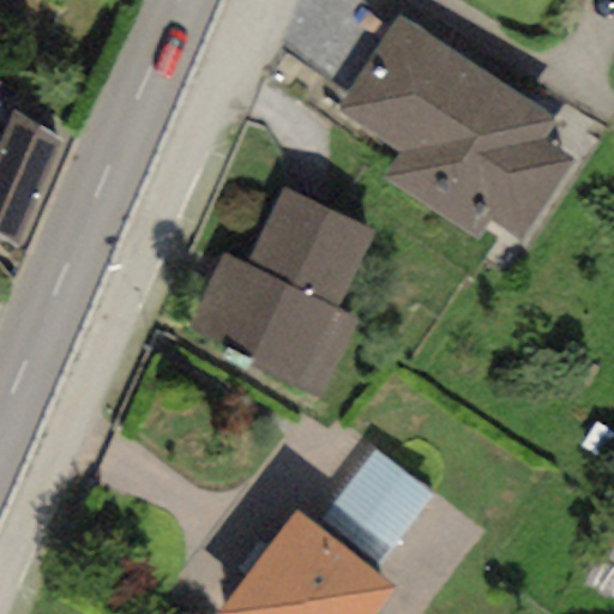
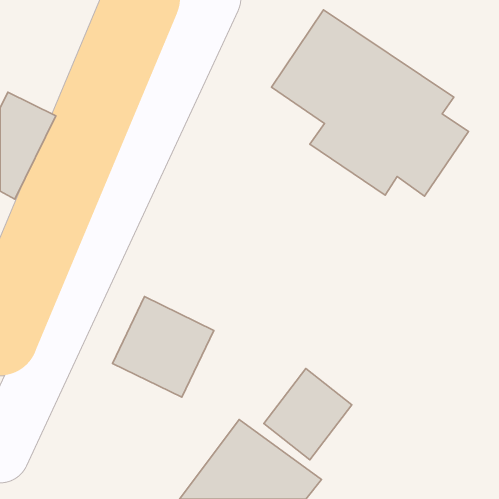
building: [187,187,374,392] -> none
building: none -> [113,297,214,397]

